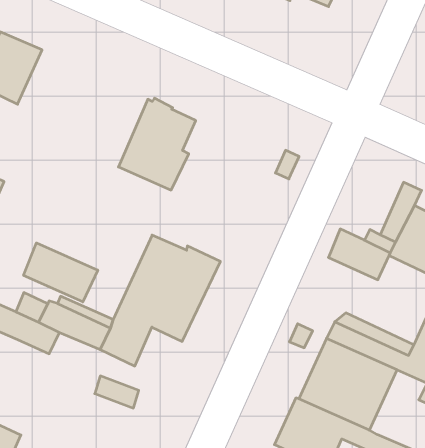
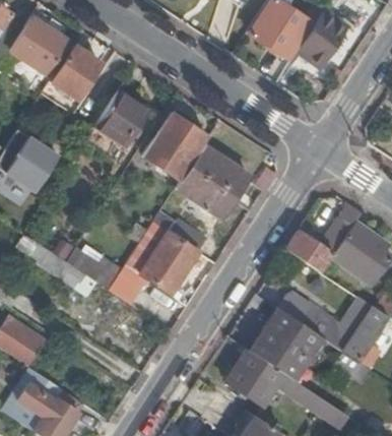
building: none -> [95,89,149,144]
building: none -> [178,144,250,216]
building: [24,243,98,302] -> none

